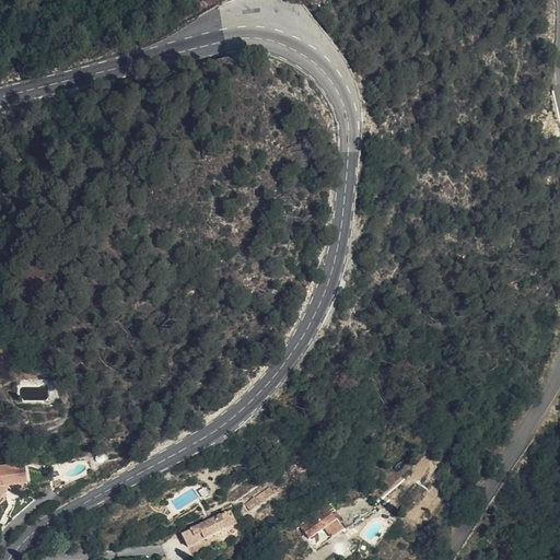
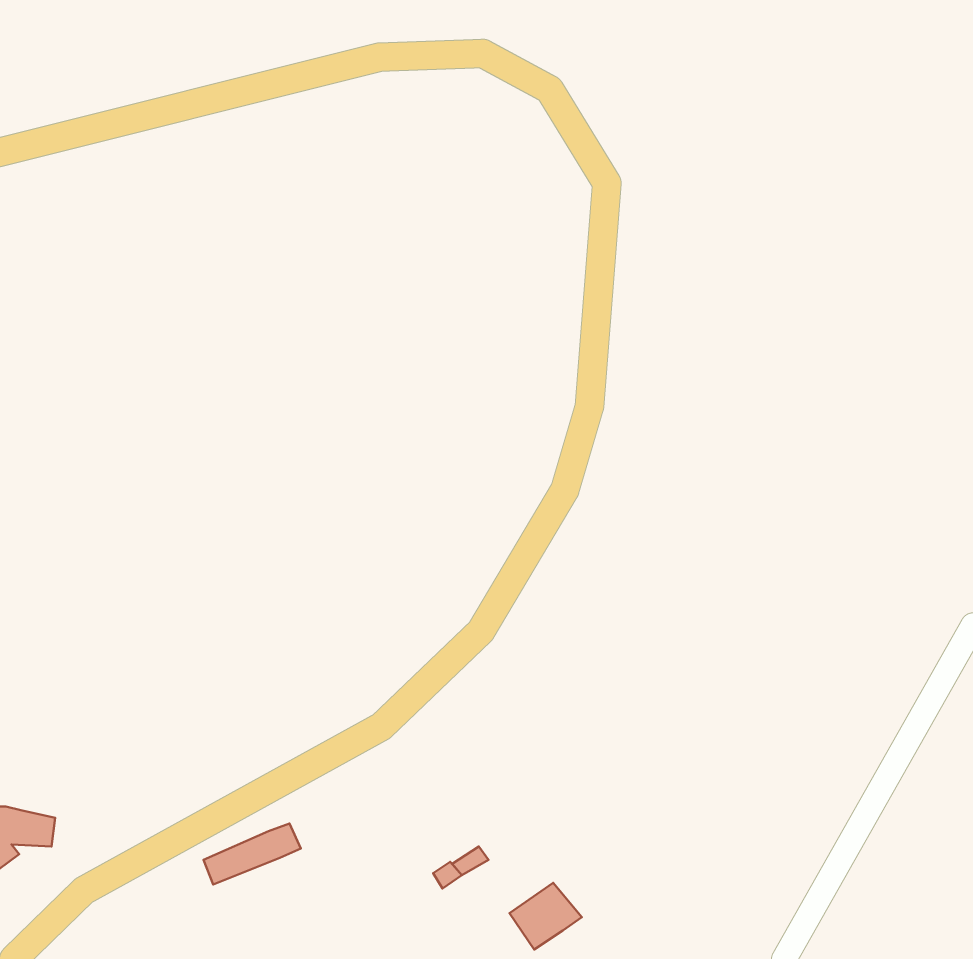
building: [183,510,238,545] -> [204,824,301,885]

